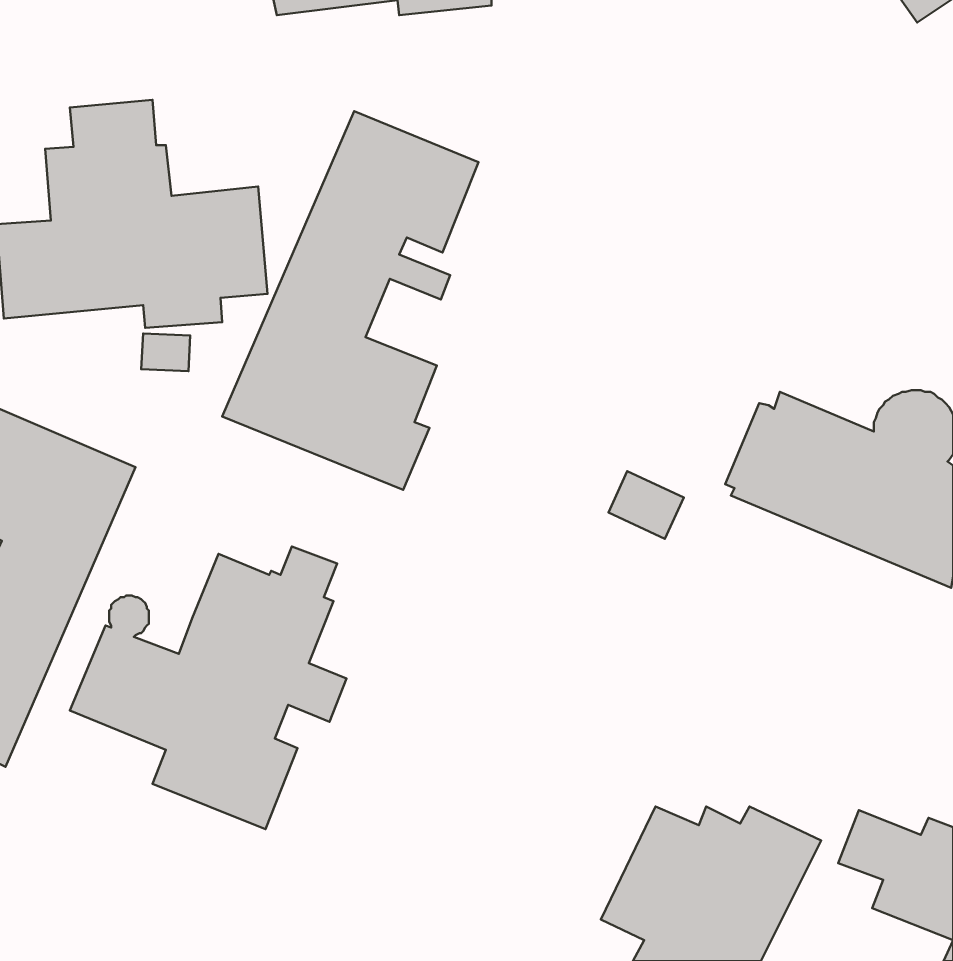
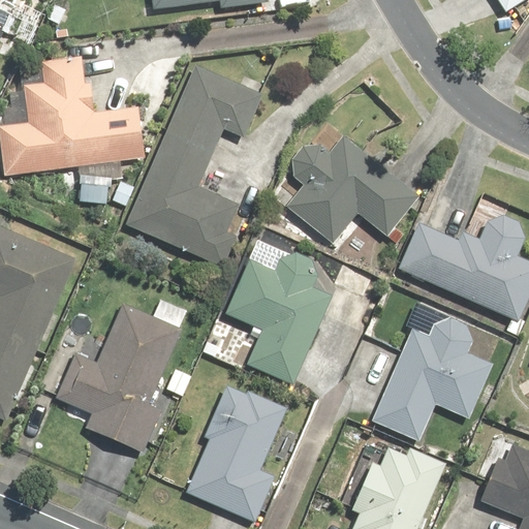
building: none -> [286,132,421,244]
building: none -> [227,250,331,384]
building: none -> [369,318,494,441]
building: none -> [182,383,289,523]

